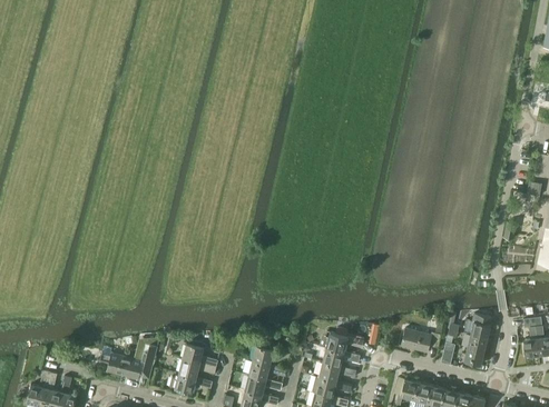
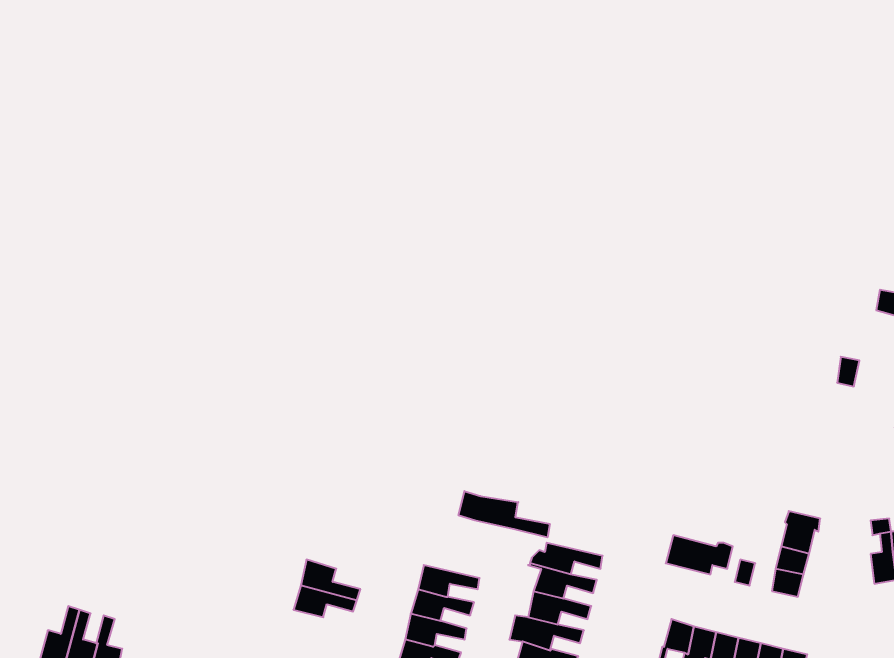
building: none -> [459,491,550,537]
building: [99,338,159,380] -> none
building: [169,373,212,393] -> none

